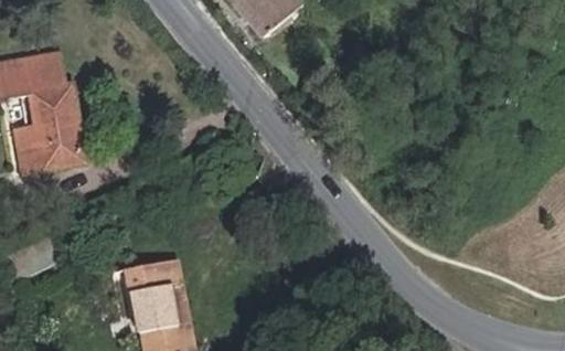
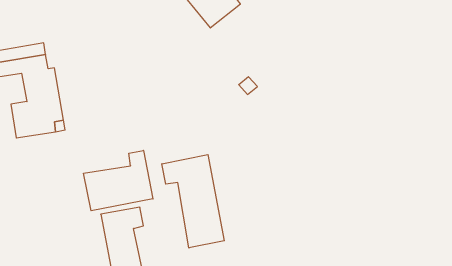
building: none -> [84,150,153,211]
building: none -> [162,155,224,248]

